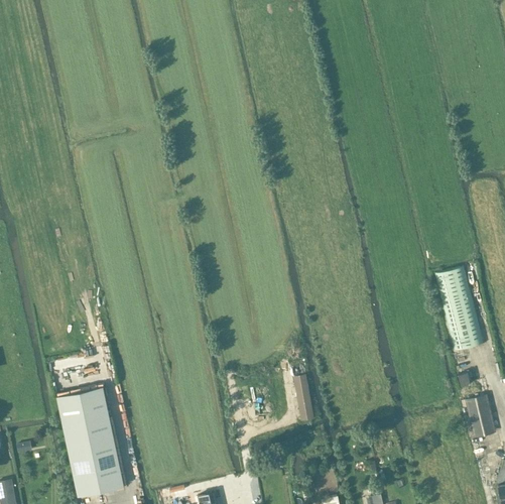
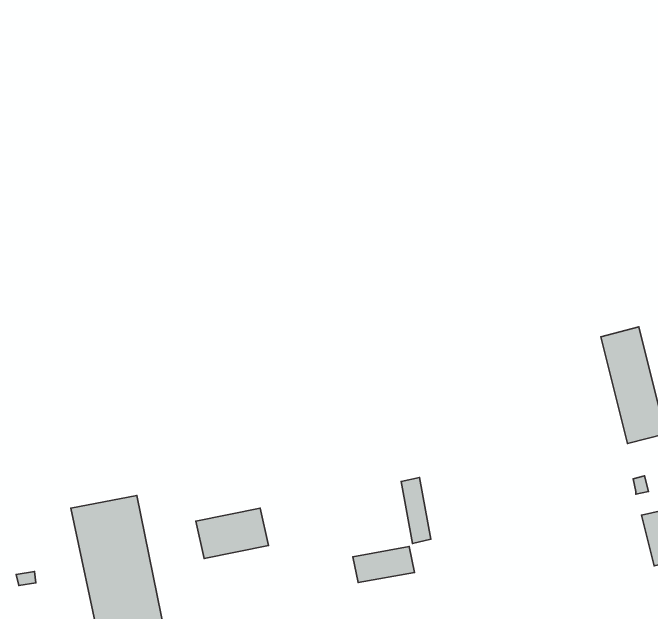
building: none -> [196,508,269,558]
building: none -> [353,547,414,583]

